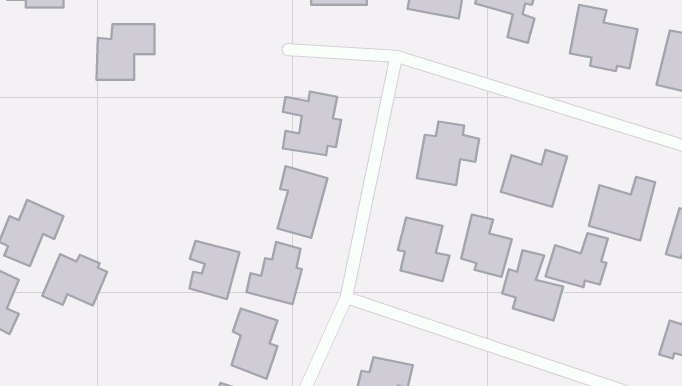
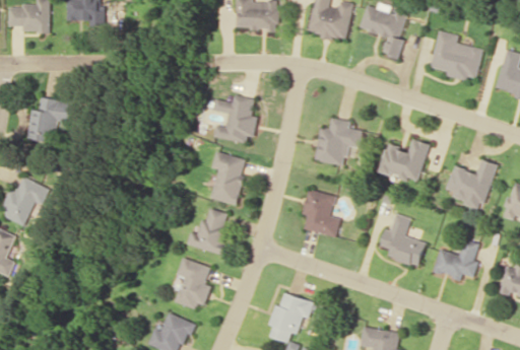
building: [96,24,155,80] -> [28,99,72,141]
building: [461,215,512,277] -> none
building: [546,233,608,287] -> [432,239,478,280]
building: [189,241,239,299] -> none
building: [42,254,107,305] -> none

